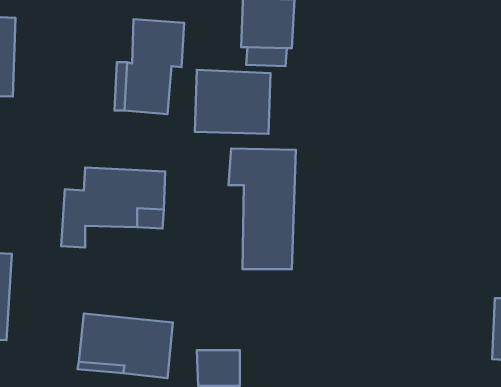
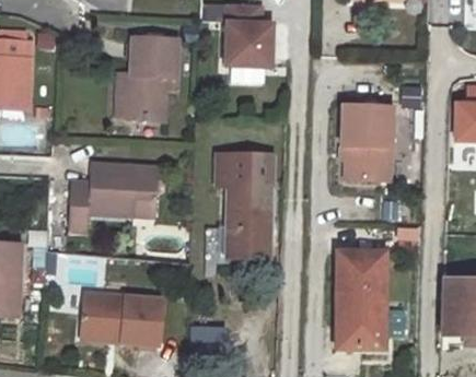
building: [195,70,270,134] -> none
building: none -> [338,103,391,179]
building: none -> [335,251,383,346]

